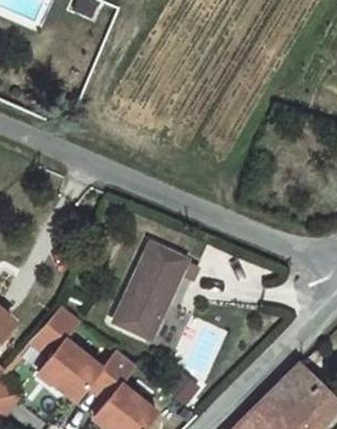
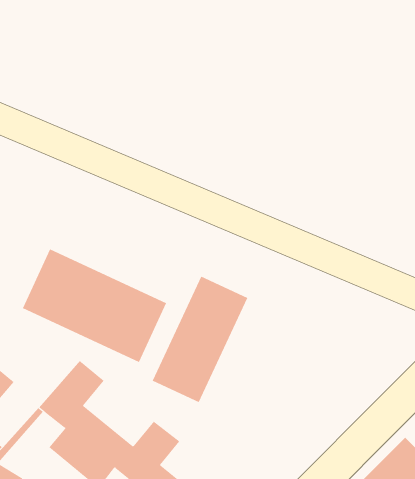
building: none -> [22,249,167,363]

